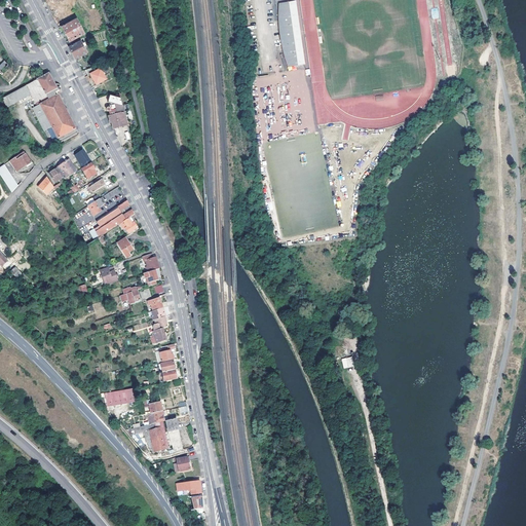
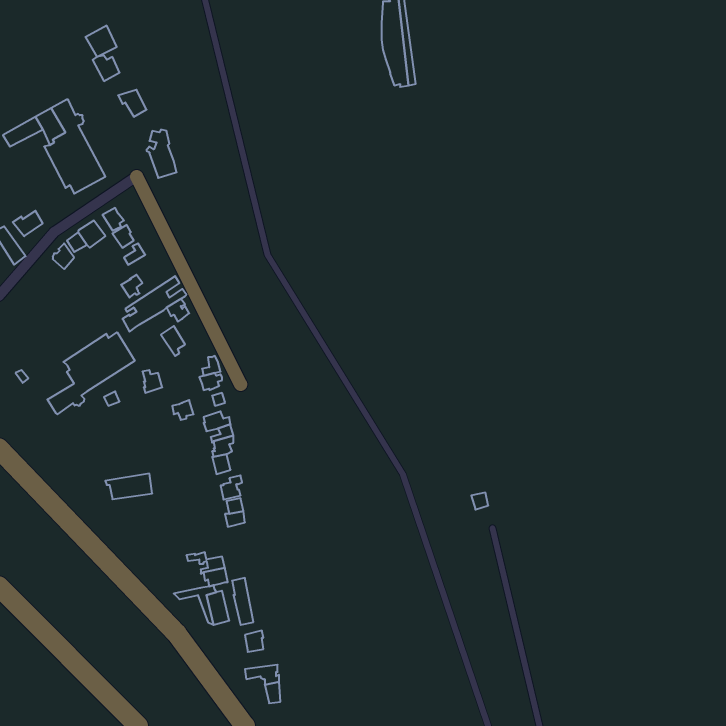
building: none -> [47,332,135,414]
building: [100,387,134,406] -> [105,474,152,499]

